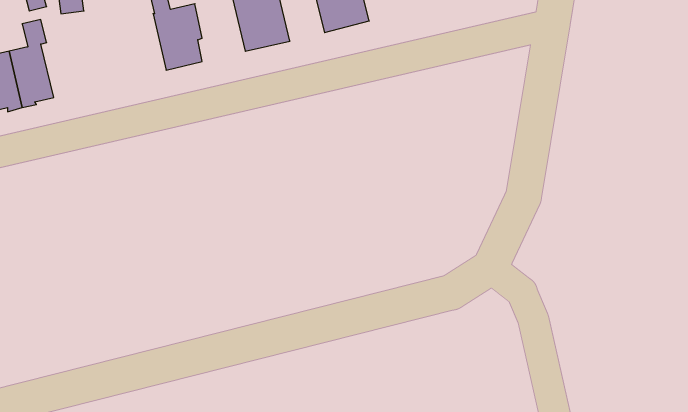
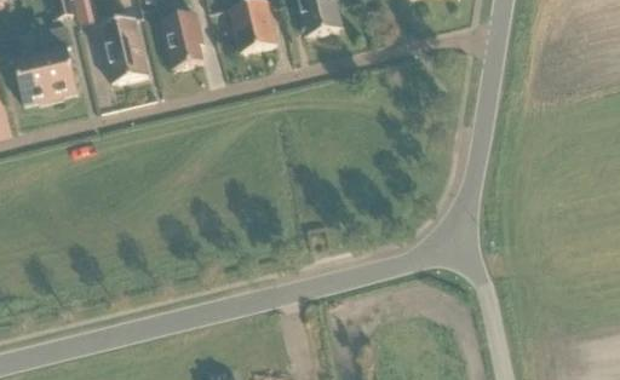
building: none -> [98,17,148,84]

